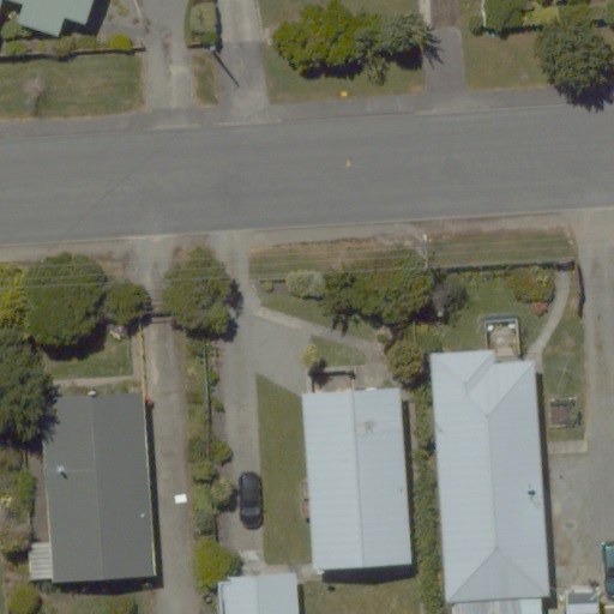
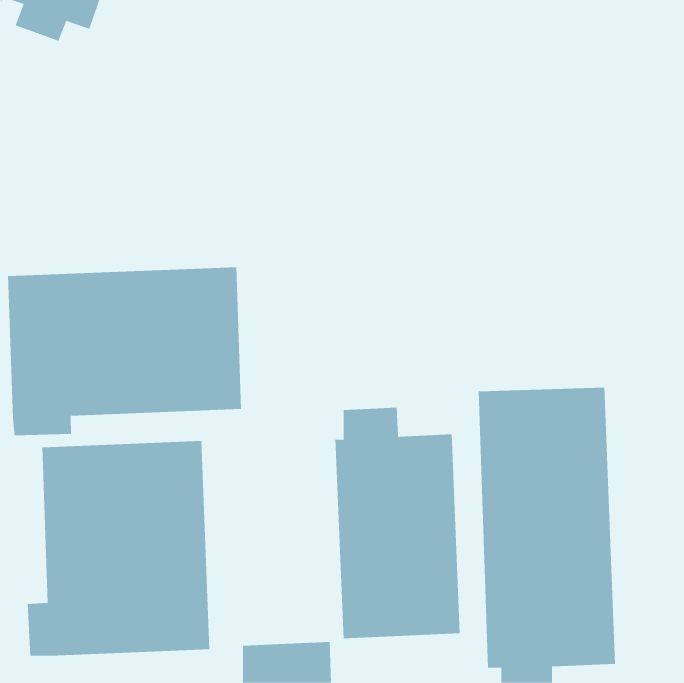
building: none -> [8,267,242,436]

